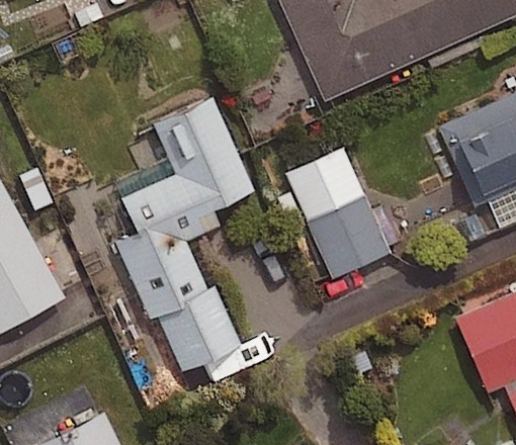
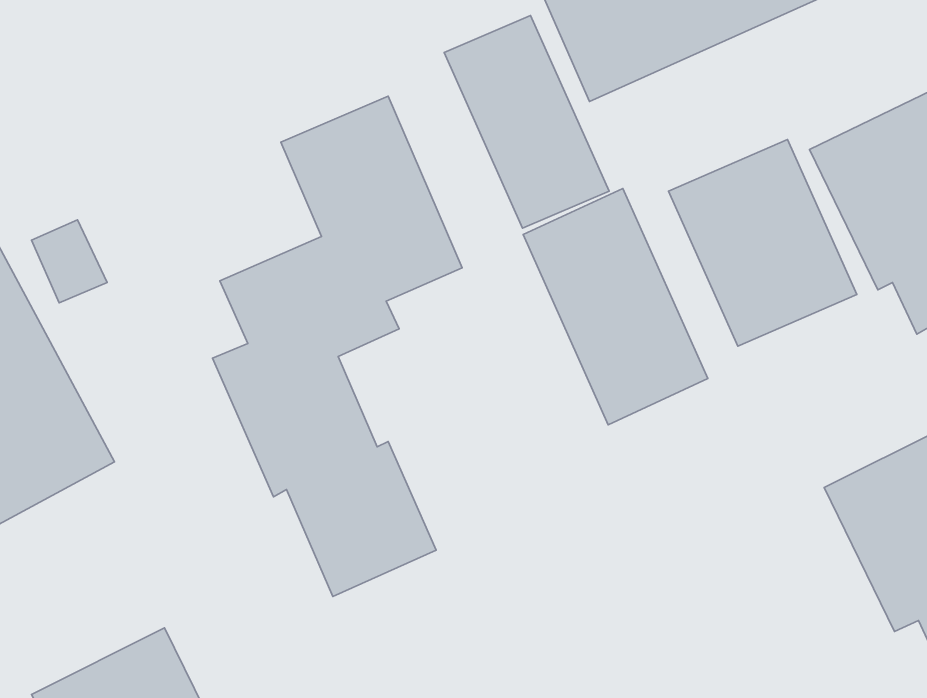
building: none -> [444,15,609,228]
building: none -> [669,140,857,346]

